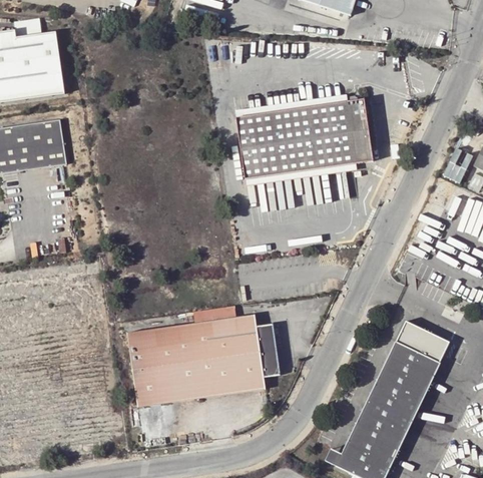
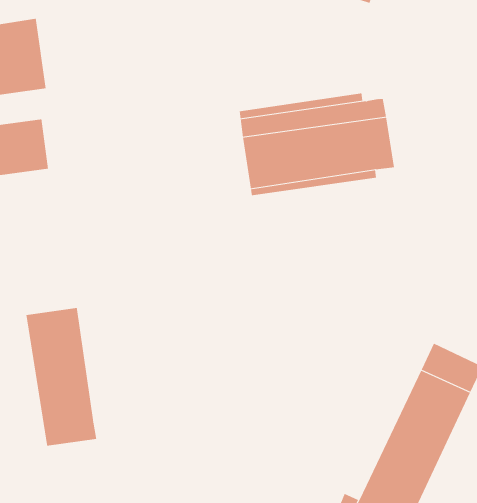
building: none -> [26,307,97,447]
building: [126,304,280,406] -> none

